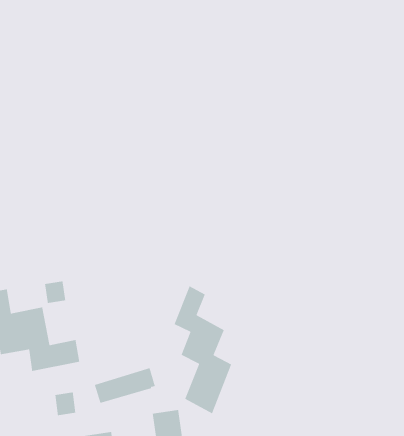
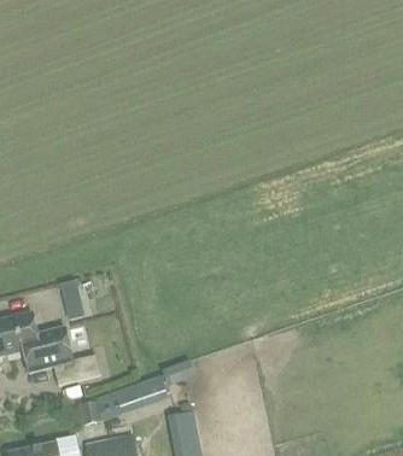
building: [173,285,232,415] -> none

